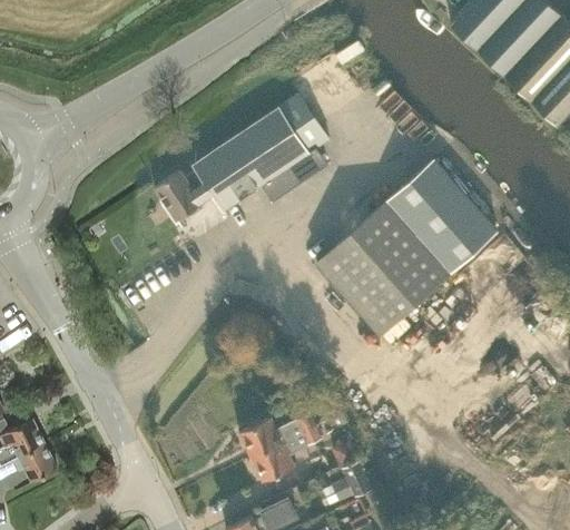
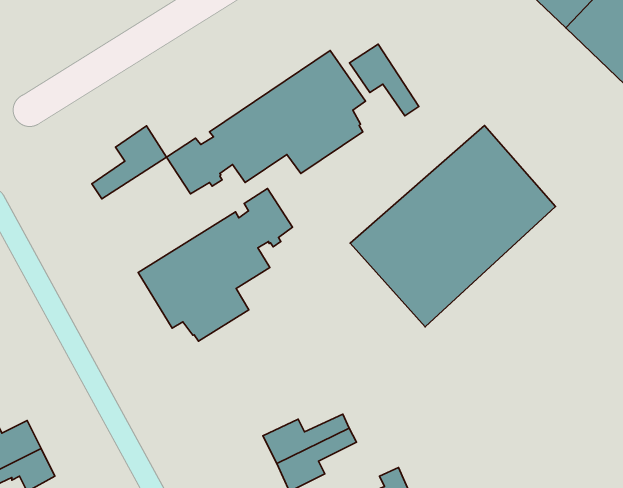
building: none -> [349,44,419,116]
building: none -> [92,126,166,199]
building: none -> [138,188,293,341]

